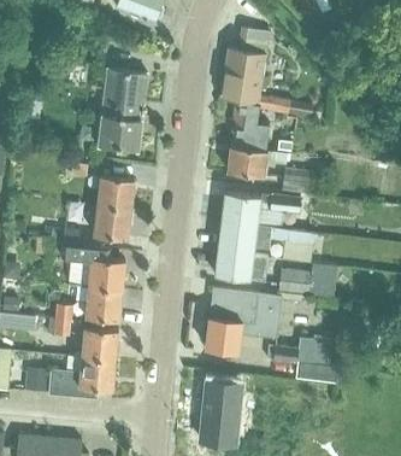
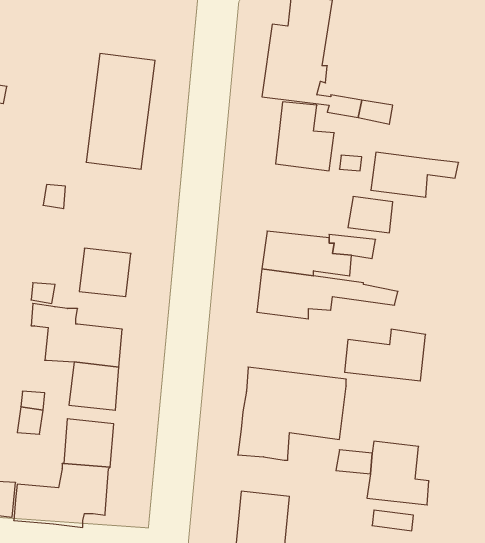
building: [228,146,289,177] -> [371,152,459,197]
building: [98,175,134,209] -> none
building: [214,250,267,282] -> none

